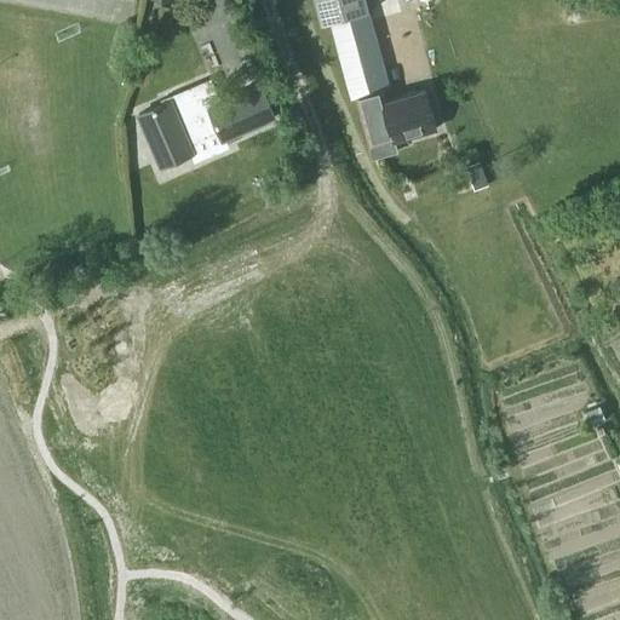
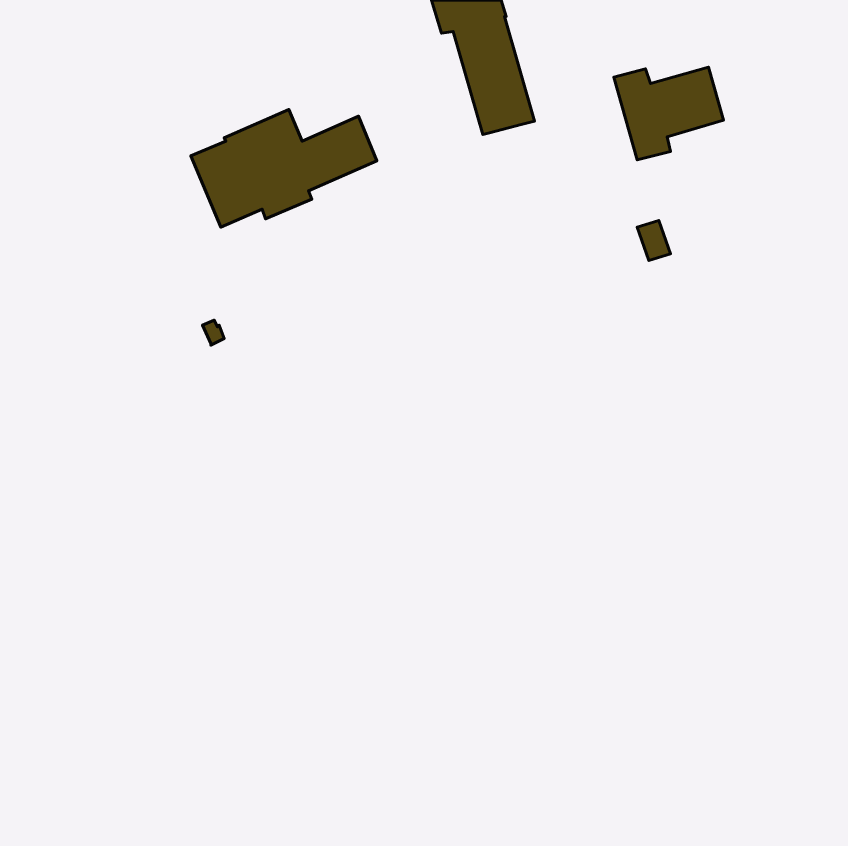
building: [357,91,437,159] -> [614,67,723,160]

